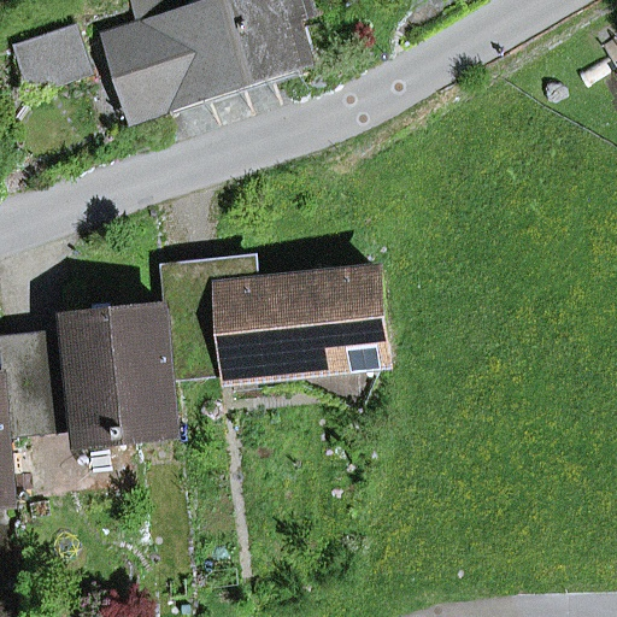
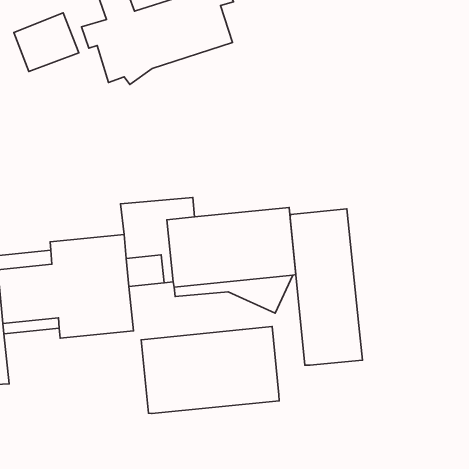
building: none -> [290,209,362,365]
building: none -> [141,326,279,413]

